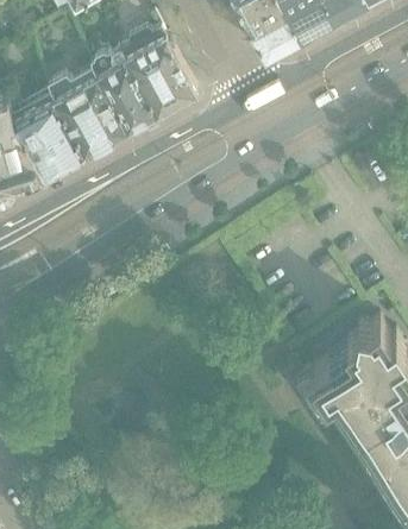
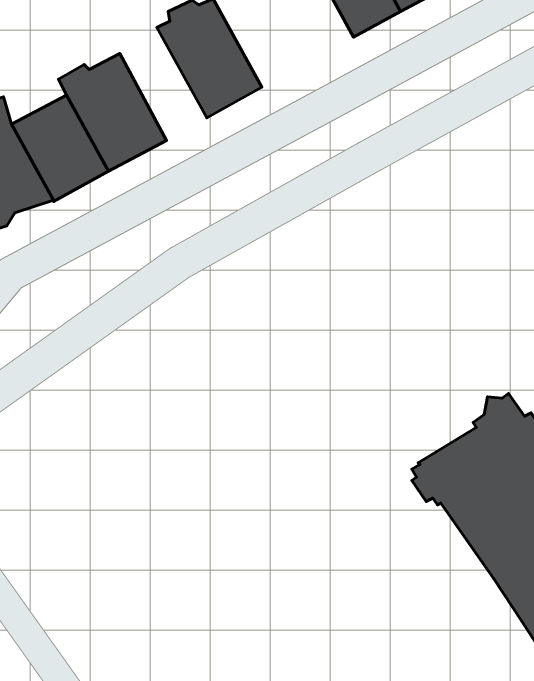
building: [89,45,155,130] -> none

